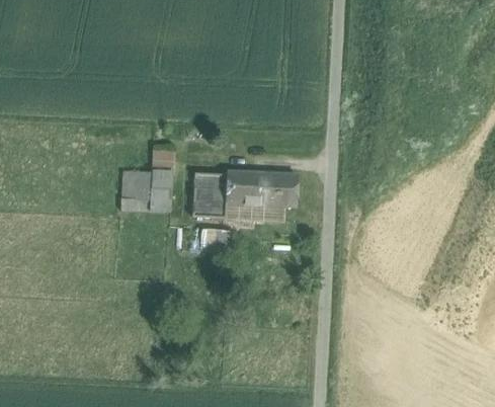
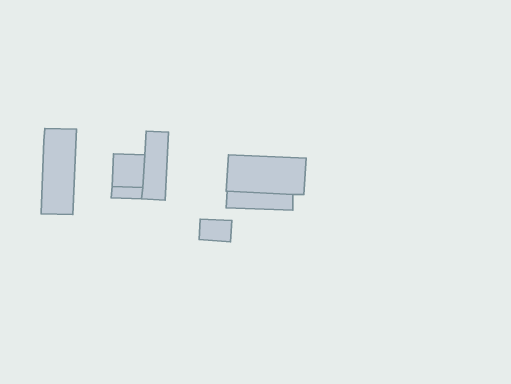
building: none -> [41,128,77,214]
building: [192,170,227,218] -> none

